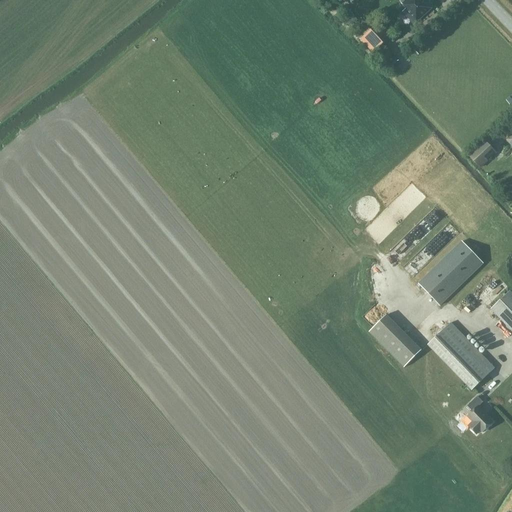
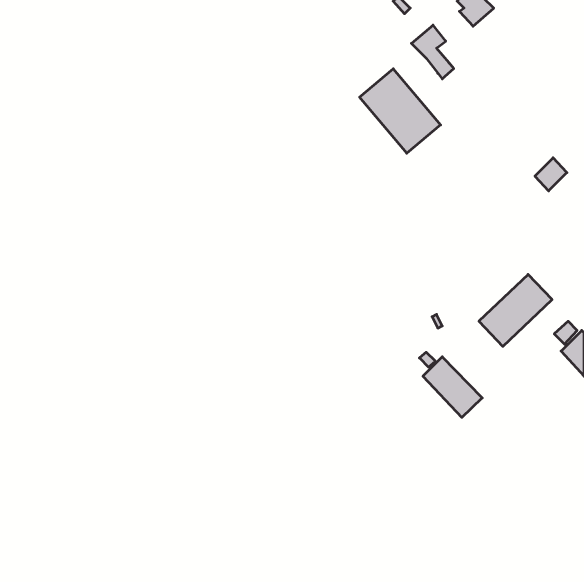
building: none -> [360,69,441,153]
building: [428,321,494,389] -> none
building: [466,395,493,432] -> none

